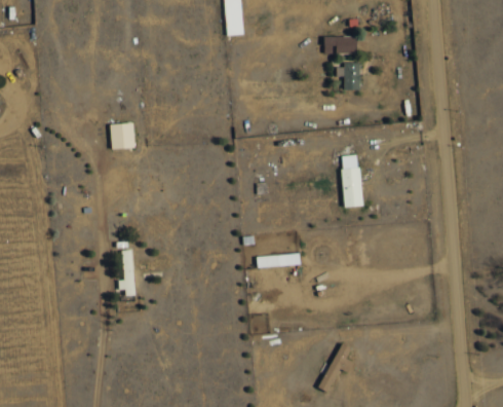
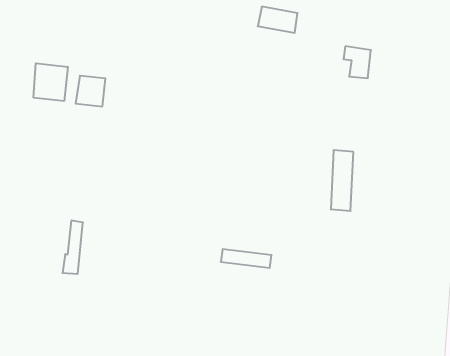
building: [323,36,356,54] -> [258,7,298,33]
building: none -> [34,63,68,101]

